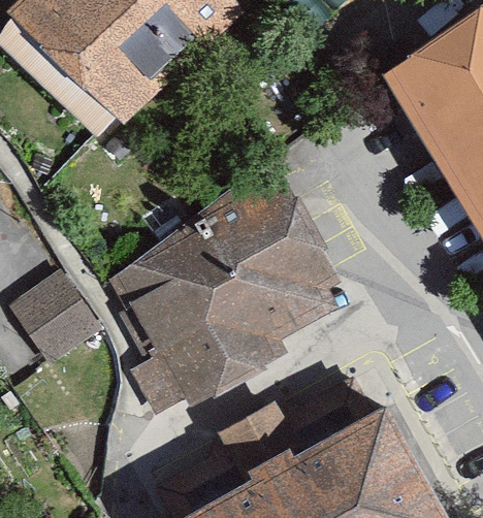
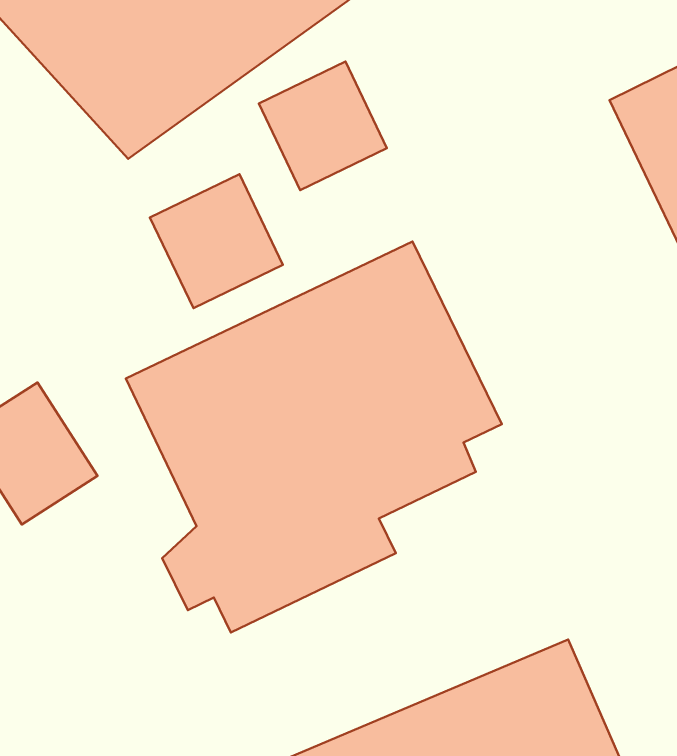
building: none -> [259,62,387,190]
building: none -> [150,174,283,308]

